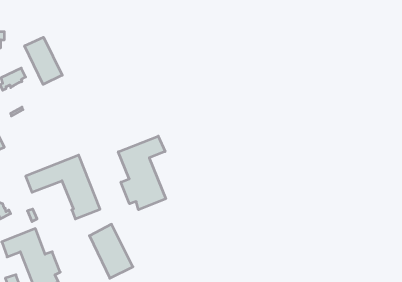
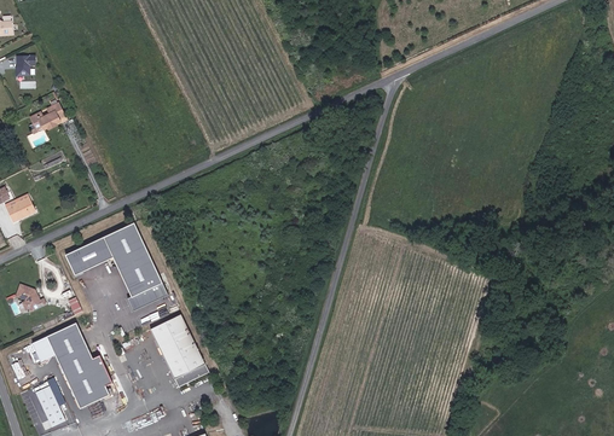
building: [25,37,62,84] -> none
building: [118,136,166,210] -> none

